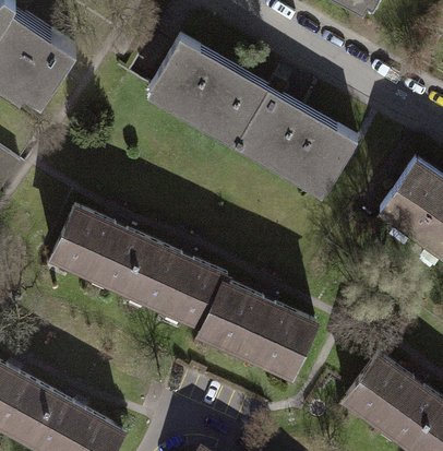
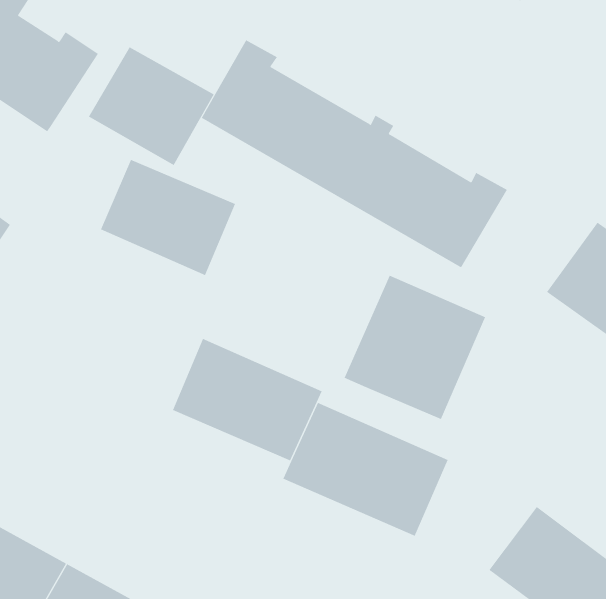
building: none -> [88,46,214,166]
building: none -> [344,275,486,420]
building: [55,211,147,290] -> [100,159,236,276]

